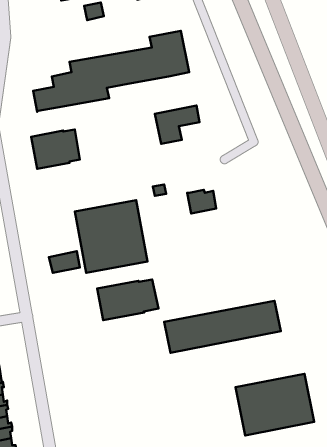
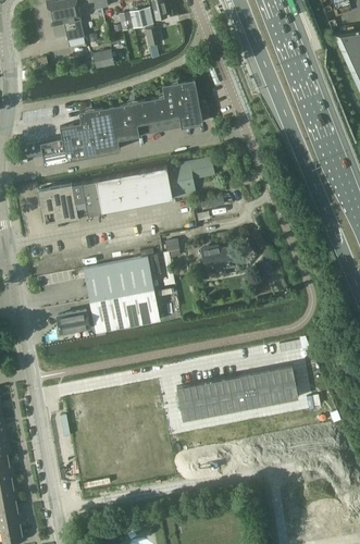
building: none -> [84,168,171,215]
building: [97,279,158,320] -> none
building: [236,374,314,435] -> none

